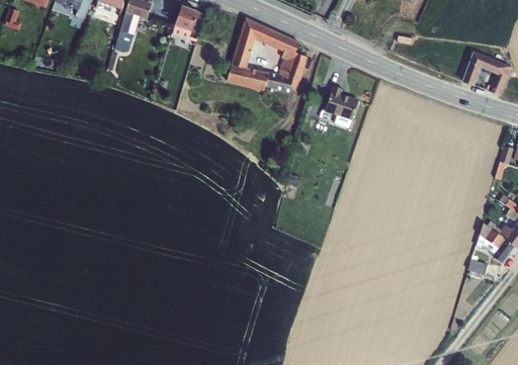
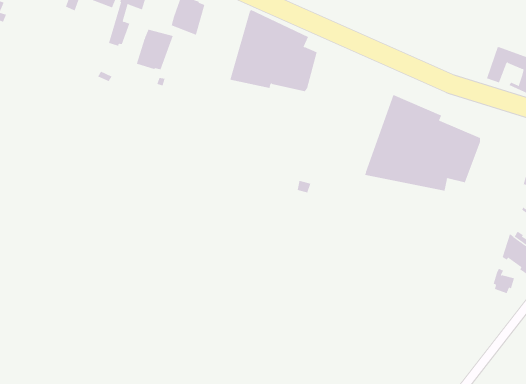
building: none -> [136,29,174,70]
building: [324,84,358,126] -> none
building: none -> [365,94,481,191]

